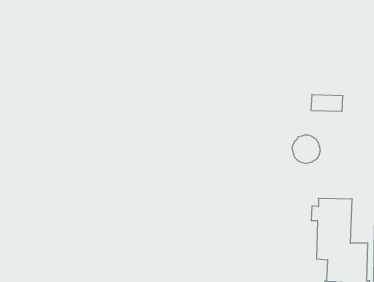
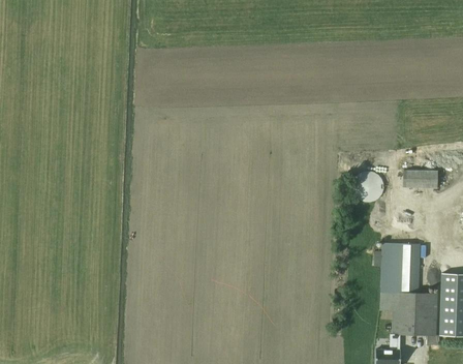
building: [311,95,343,111] -> [403,170,439,188]

